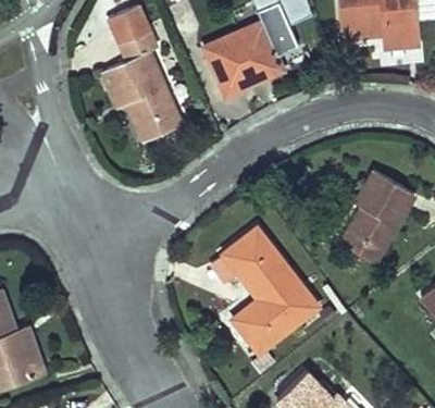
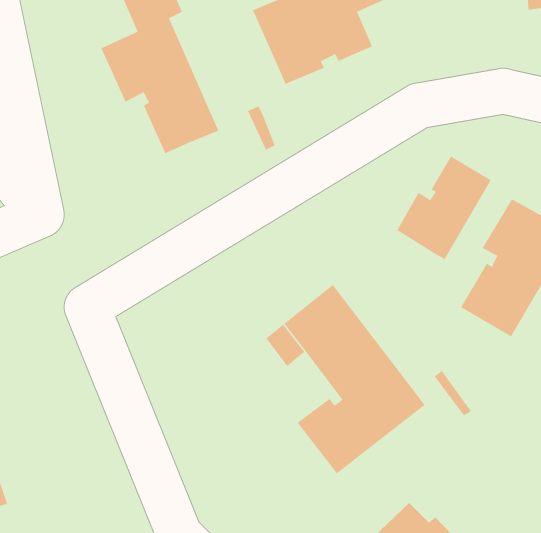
building: none -> [396,156,492,260]

